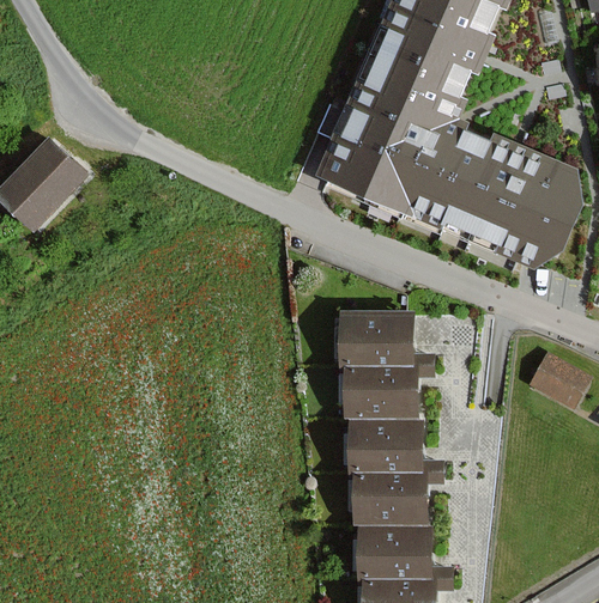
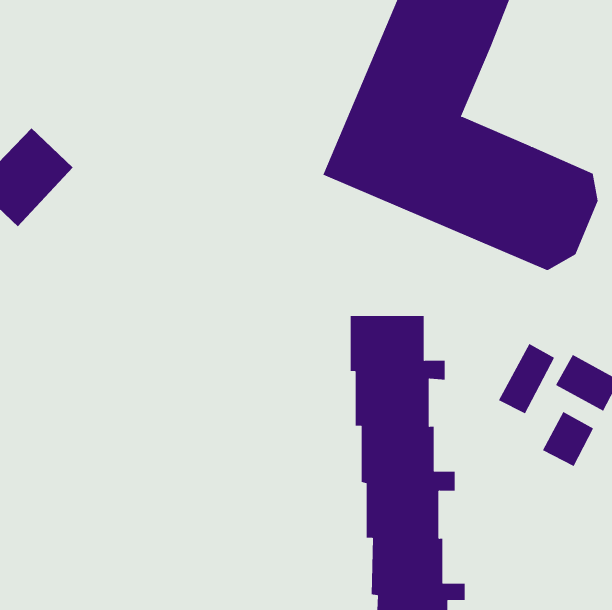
building: none -> [498,343,555,414]
building: none -> [542,411,594,467]

